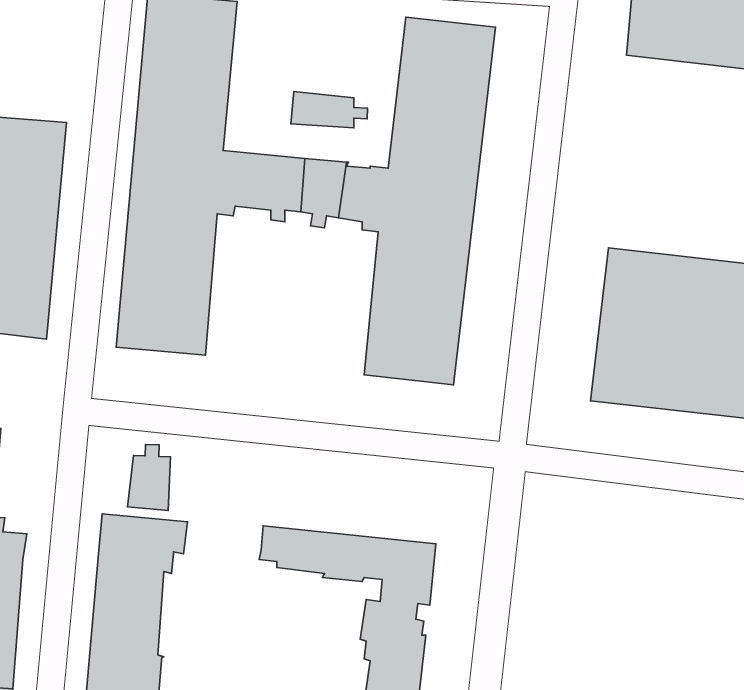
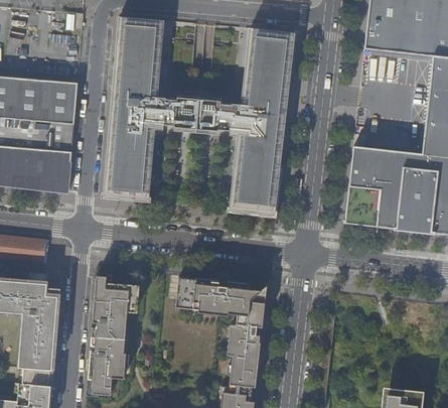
building: [291,91,368,128] -> none
building: [128,444,171,511] -> none

